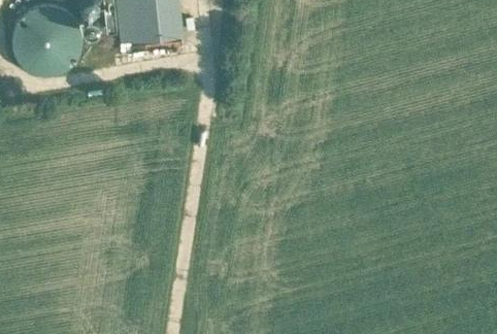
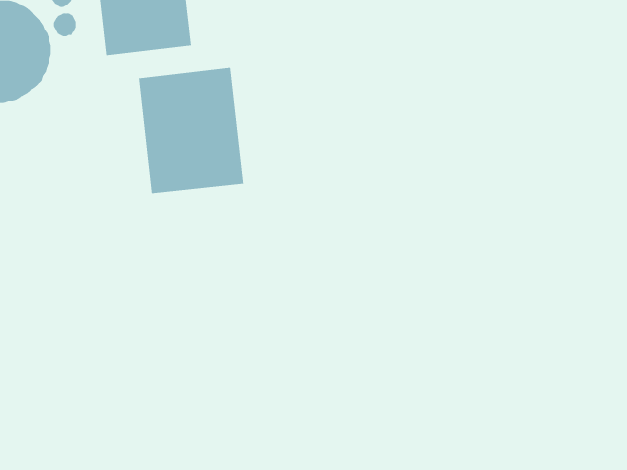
building: none -> [138,67,244,194]

